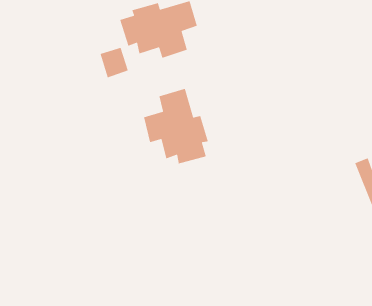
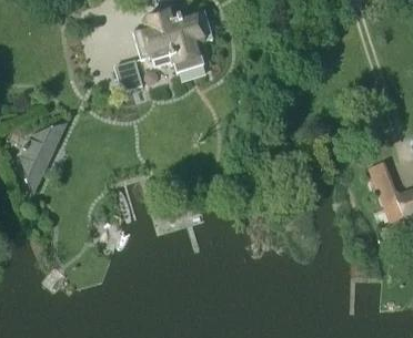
building: [143,88,209,164] -> none
building: none -> [19,120,68,195]

